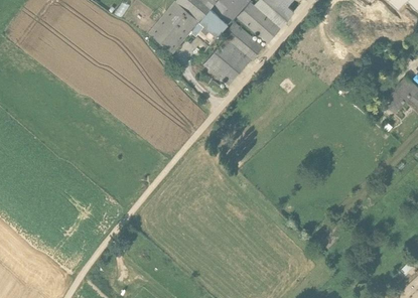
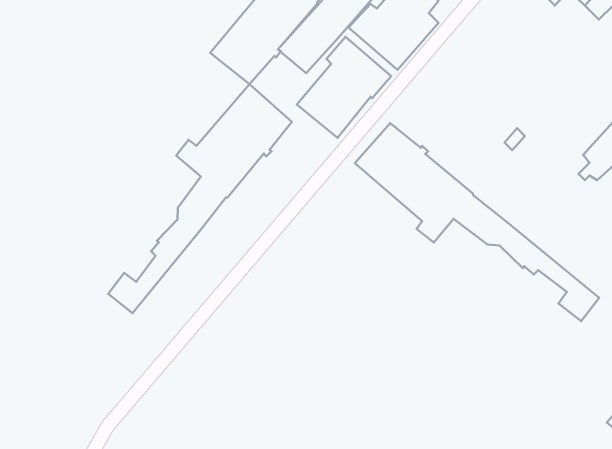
building: none -> [108,84,292,313]
building: none -> [355,123,599,321]

